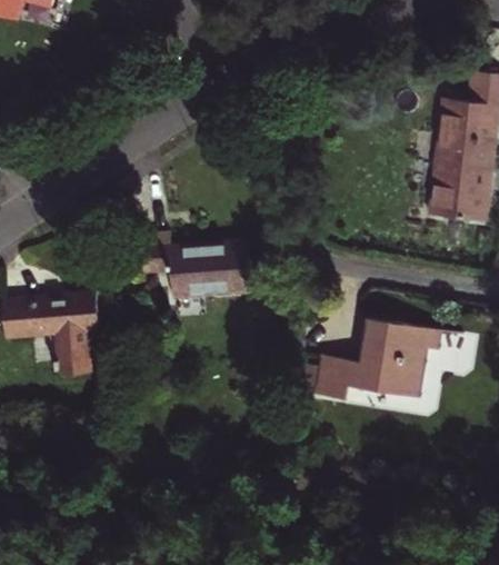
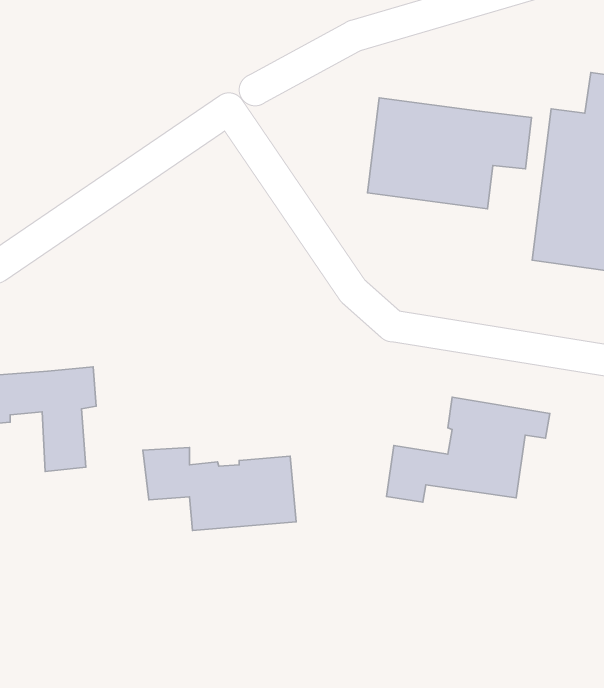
building: none -> [367,98,531,209]
building: [136,232,252,296] -> [143,447,296,530]

